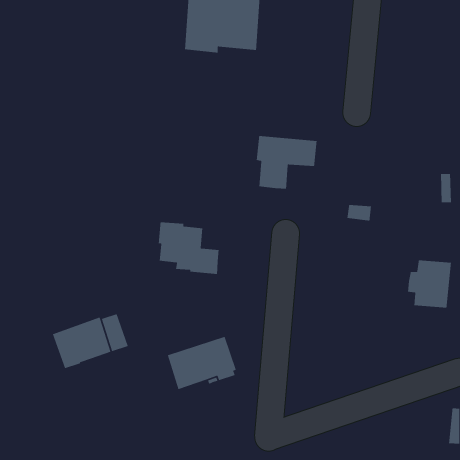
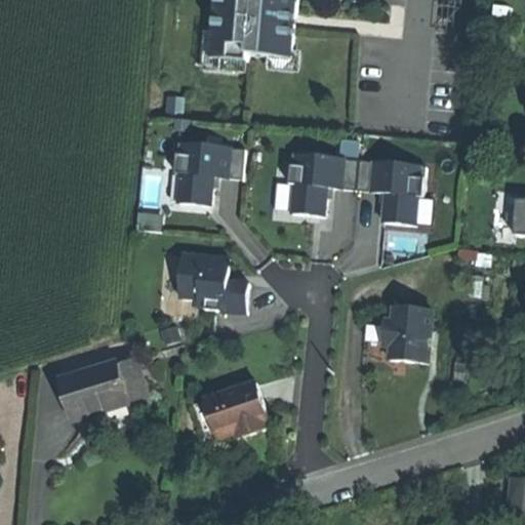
building: none -> [175,143,245,204]
building: none -> [356,159,427,224]
building: [407,259,452,308] -> [381,306,432,361]

